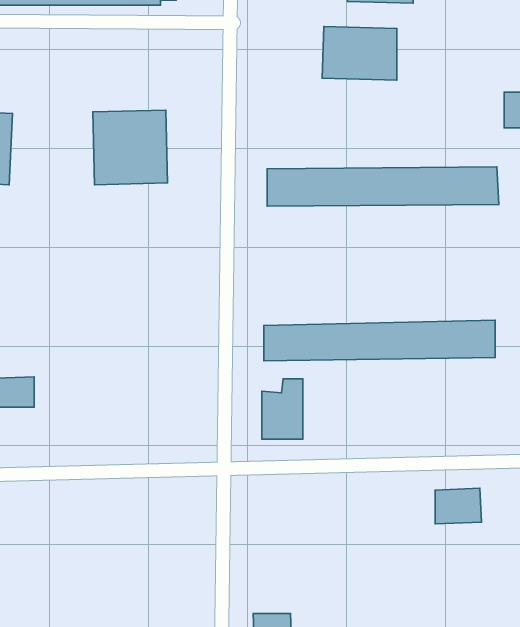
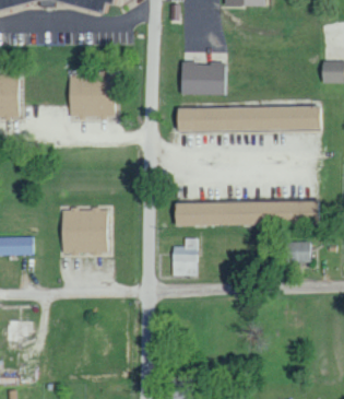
building: [322,27,397,80] -> [180,62,226,95]
building: none -> [61,208,107,254]
building: [435,488,482,524] -> [285,240,313,262]

